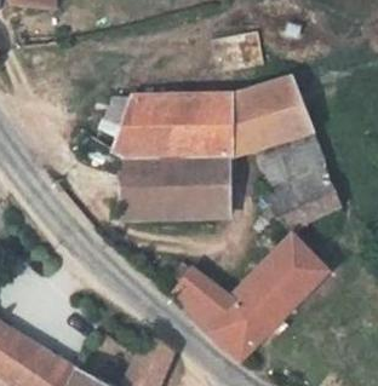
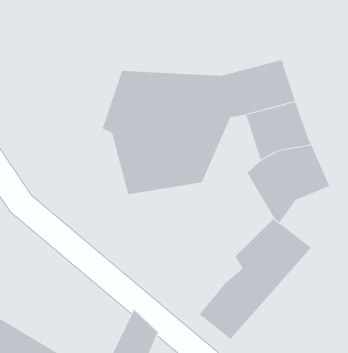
building: [184,280,236,332] -> none

